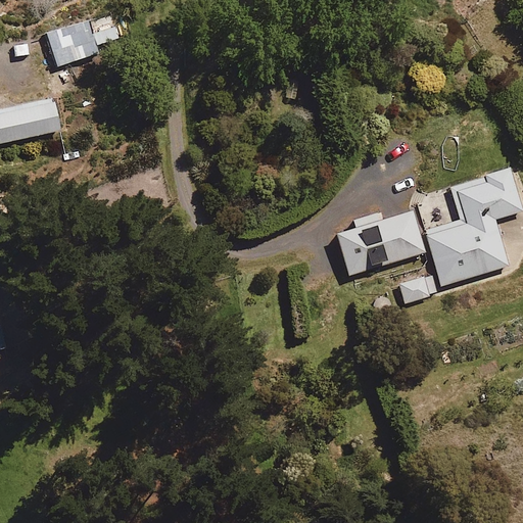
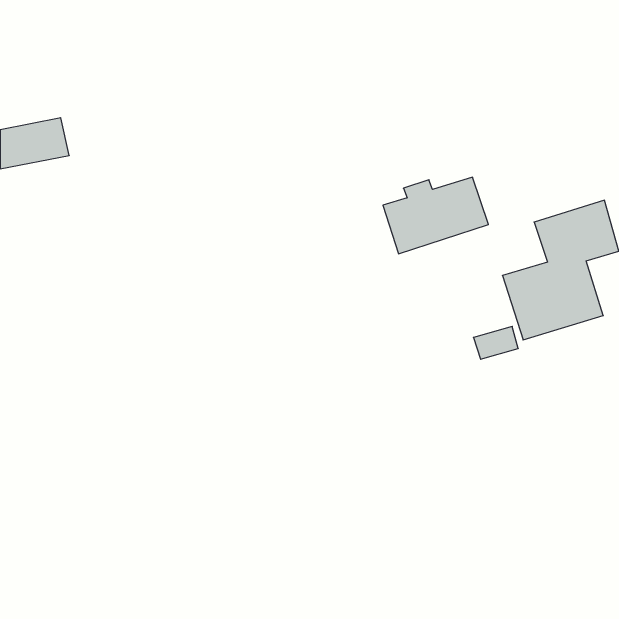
building: [39,25,117,65] -> none
building: [336,211,425,276] -> [383,177,488,254]

